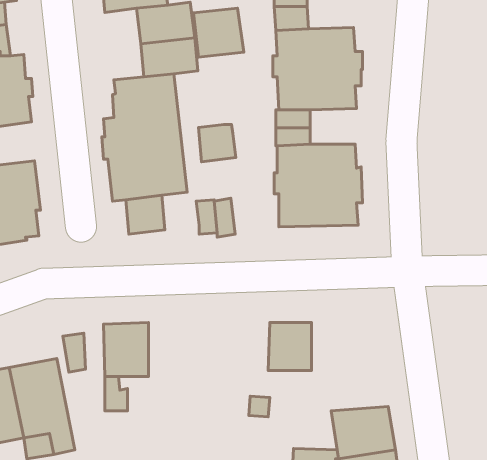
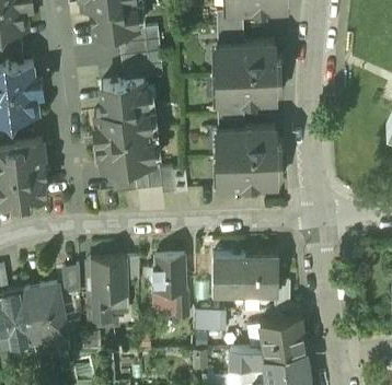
building: [194,8,244,57] -> none
building: [198,124,236,162] -> [136,163,163,190]
building: none -> [151,257,187,317]
building: none -> [245,258,276,293]

